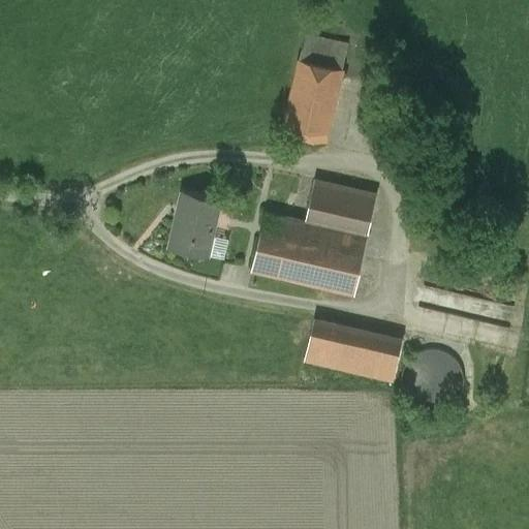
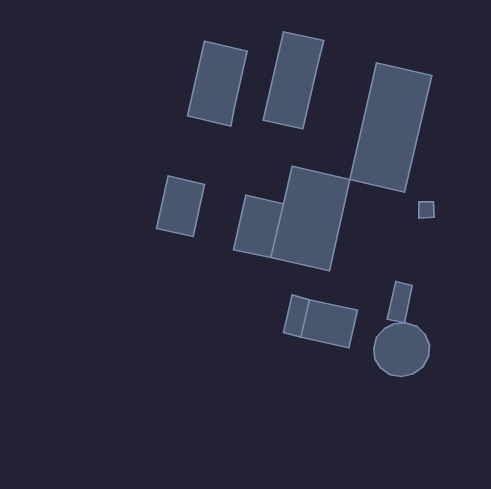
building: none -> [187,41,247,126]
building: none -> [350,63,432,192]
building: [375,336,402,380] -> [387,282,412,323]

